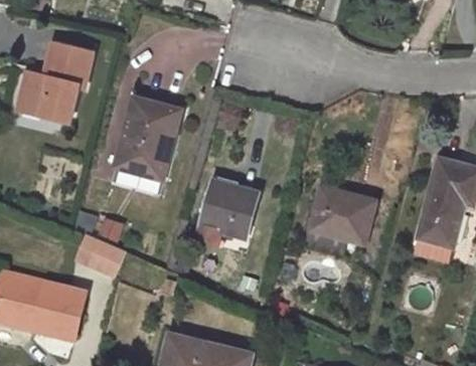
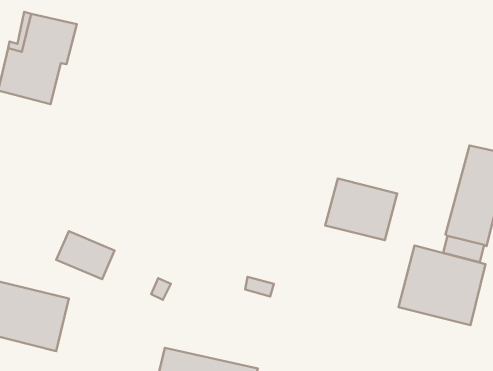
building: [115,97,181,179] -> none
building: [202,181,258,235] -> none
building: none -> [399,245,485,325]

